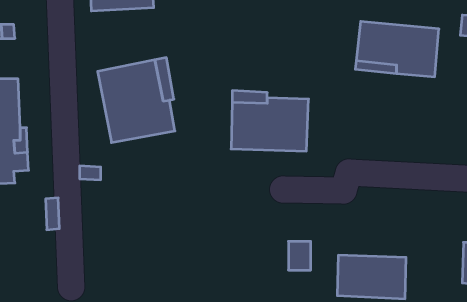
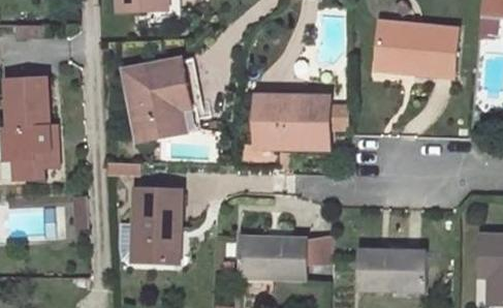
building: none -> [132,190,180,261]
building: none -> [238,237,306,278]

